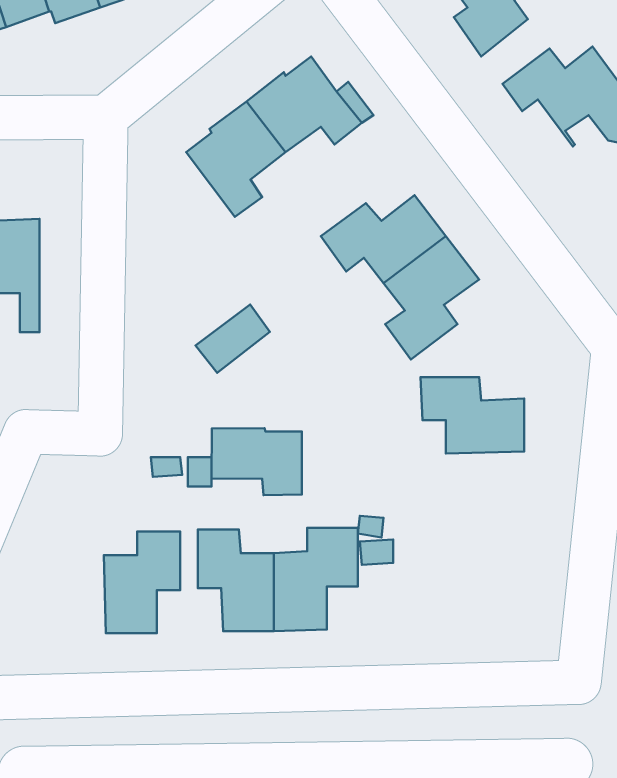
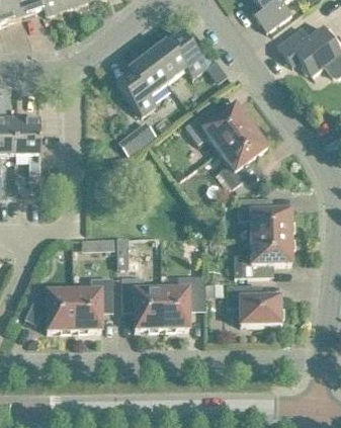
building: [196,304,270,373] -> [117,120,156,156]
building: [211,428,302,495] -> none
building: none -> [238,237,291,277]
building: none -> [227,284,279,325]
building: none -> [24,290,74,332]

